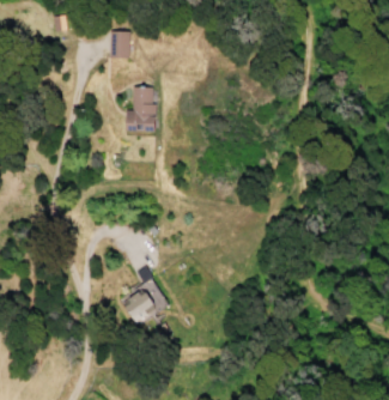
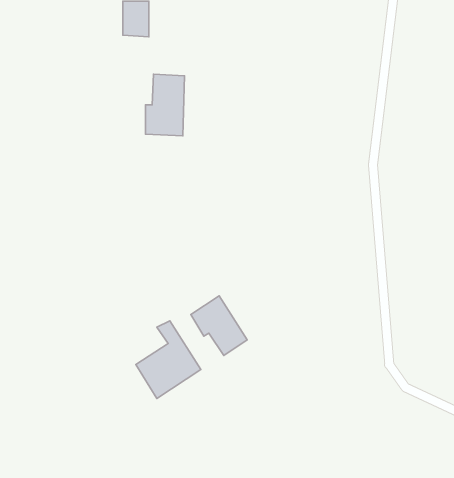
building: none -> [191,296,247,355]

